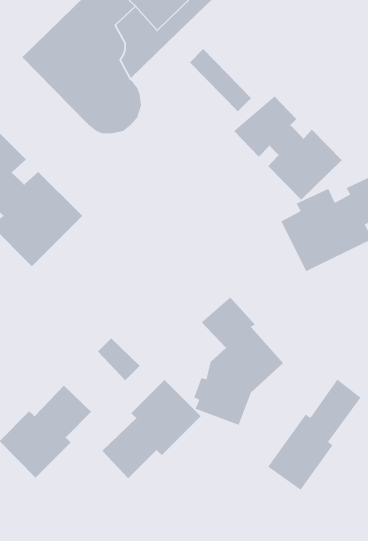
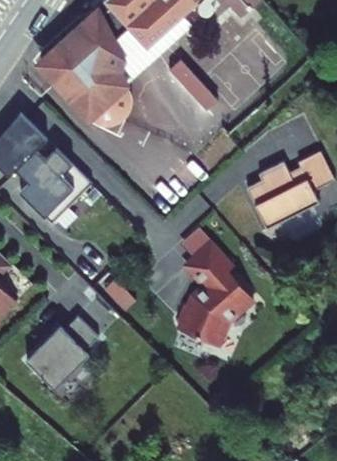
building: [233,96,342,201] -> none
building: [267,379,362,491] -> none
building: [102,379,201,479] -> none

